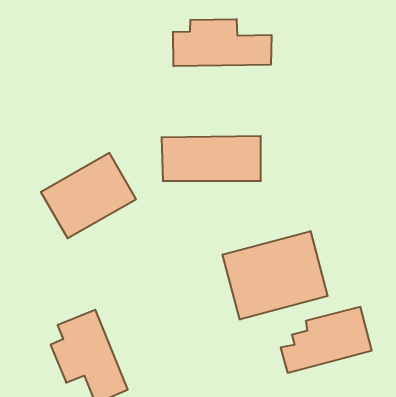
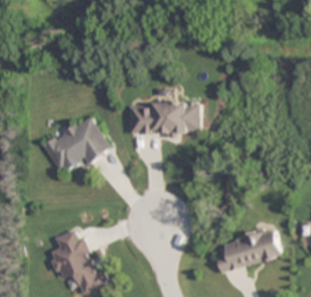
building: [173,19,271,66] -> none
building: [223,231,328,320] -> none

